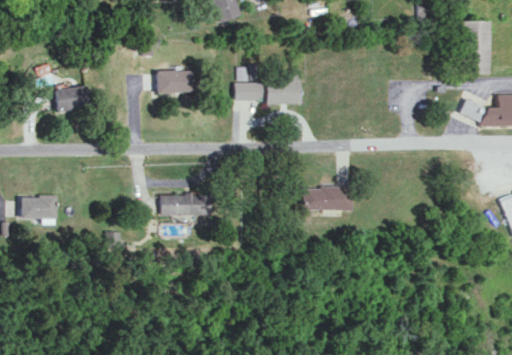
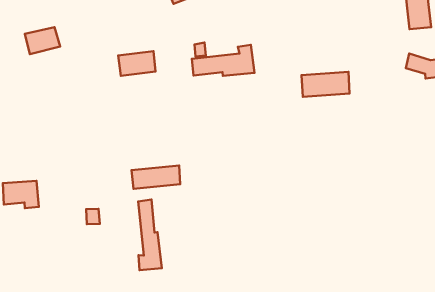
building: [54,85,90,111] -> [25,27,60,54]
building: [301,186,352,210] -> [302,72,349,97]
building: none -> [138,200,162,270]

